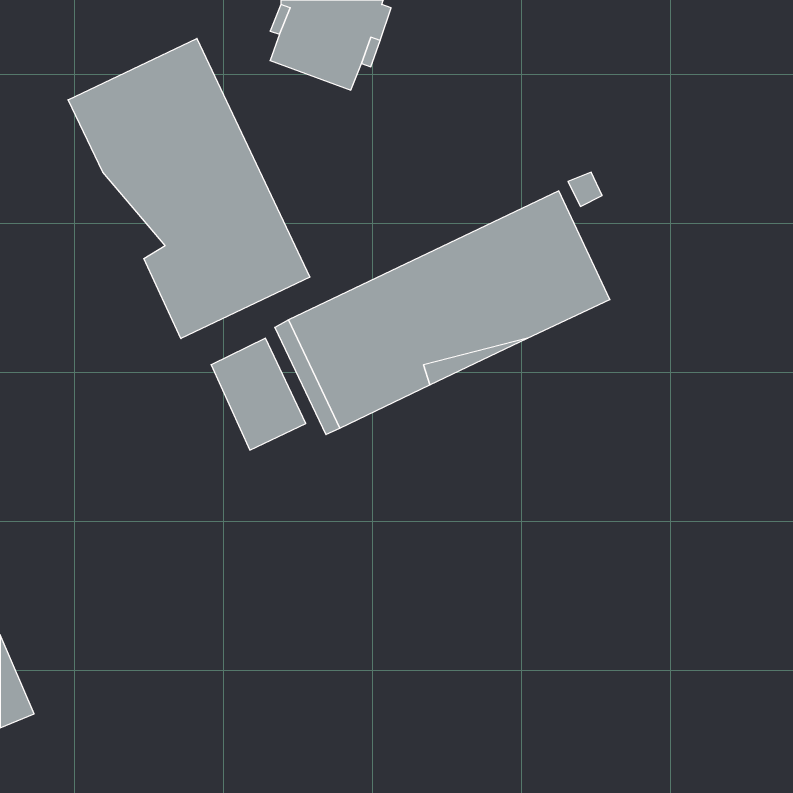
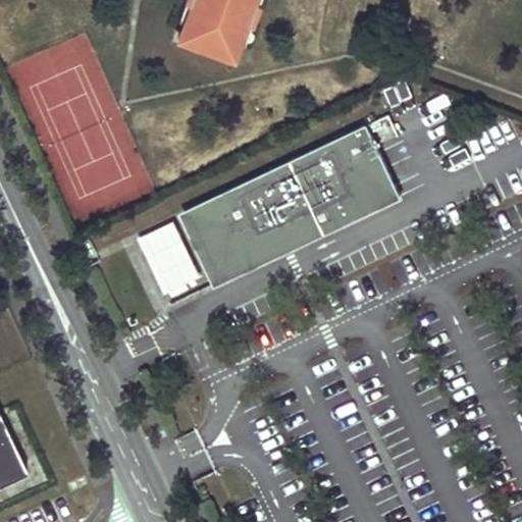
building: [68,38,310,339] -> none

